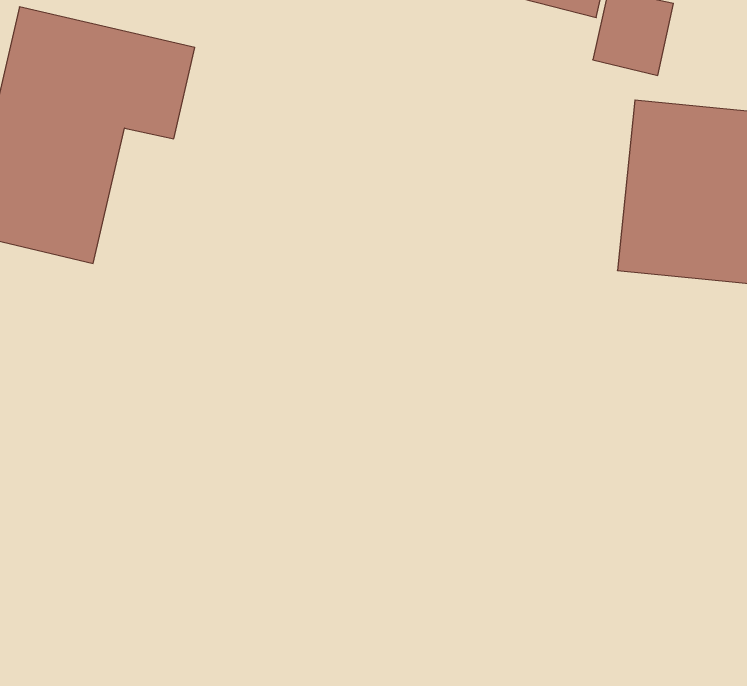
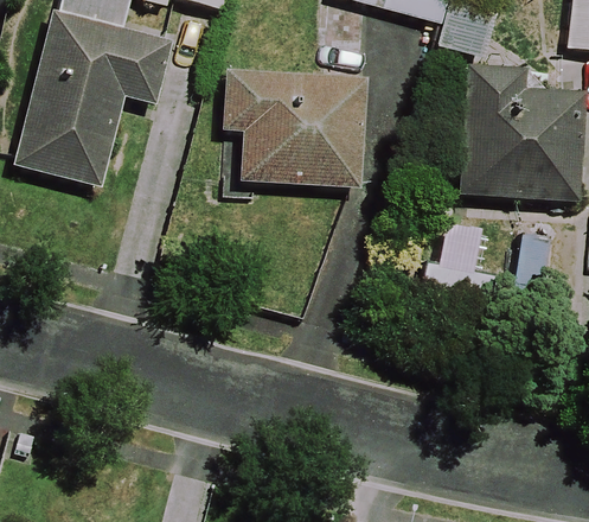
building: none -> [223,66,366,186]

